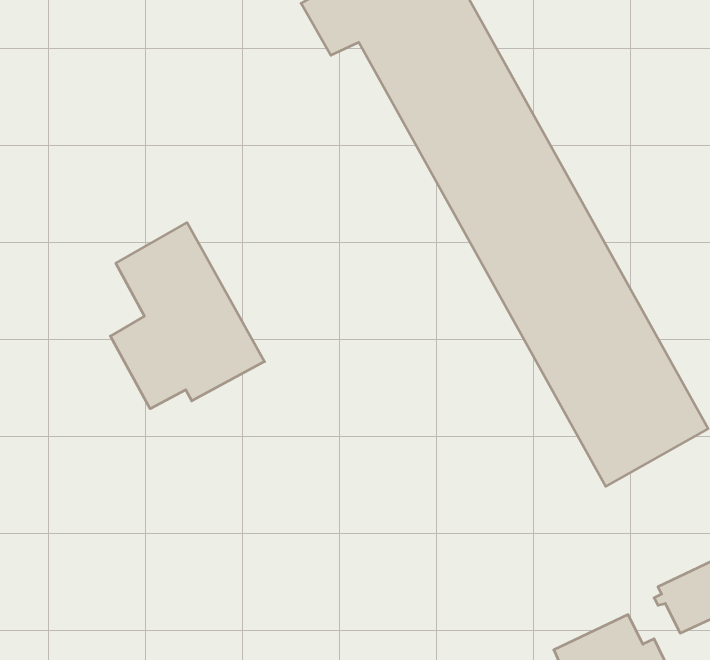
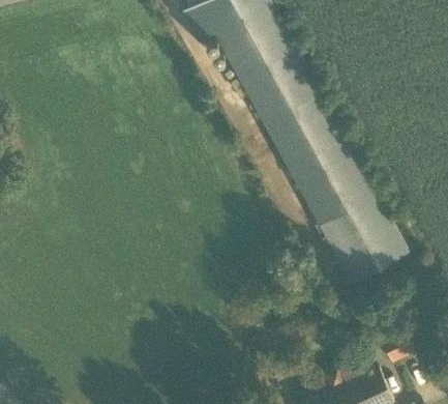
building: [110,223,265,409] -> none

